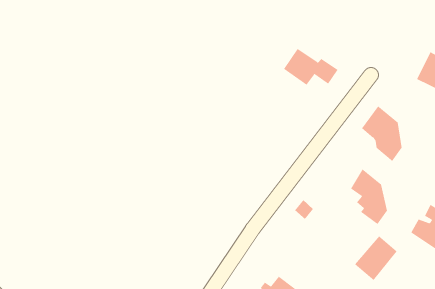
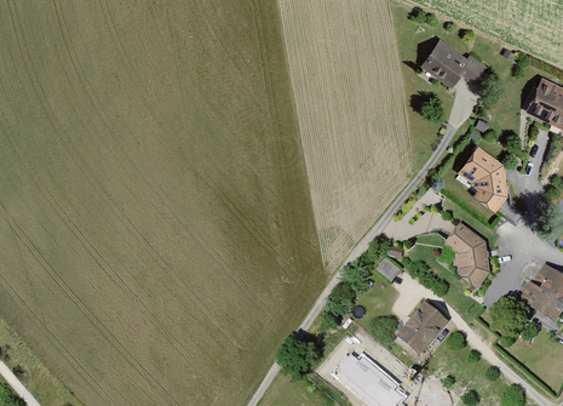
building: [283,48,338,86] -> [423,40,490,86]
building: [354,236,397,281] -> [396,301,449,356]

